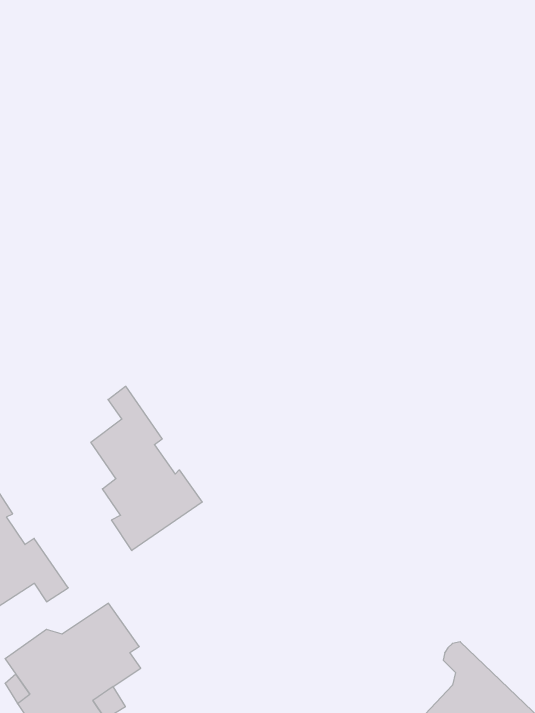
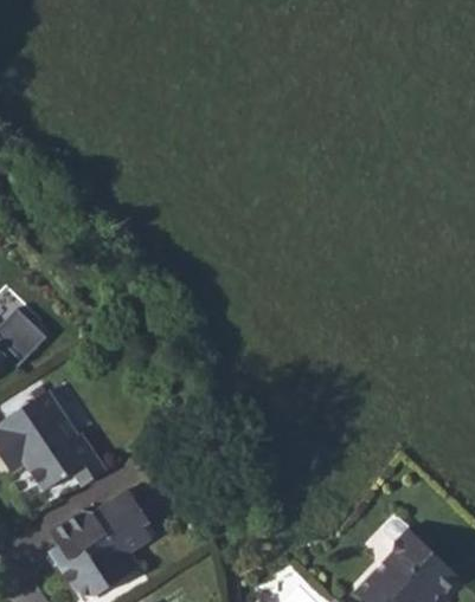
building: [91,386,202,551] -> none

